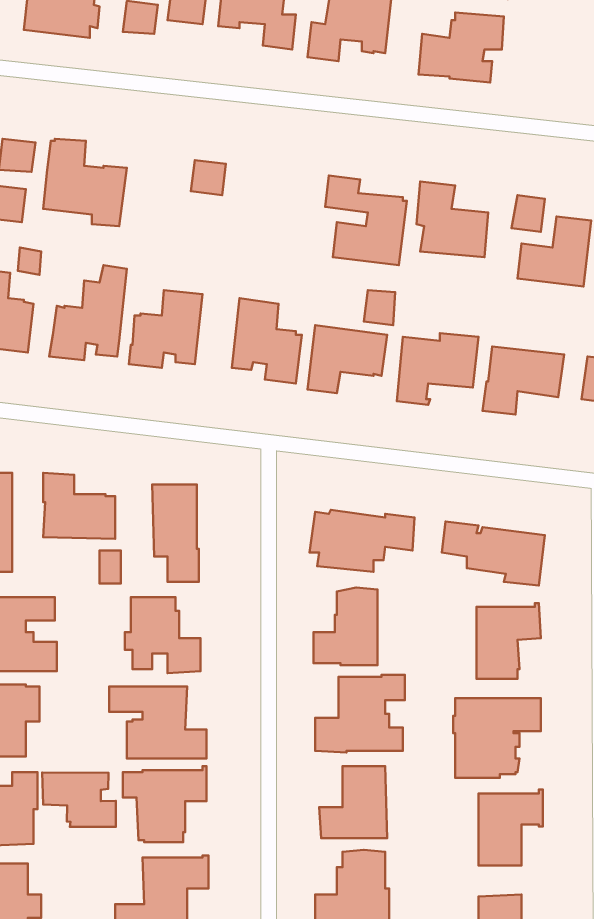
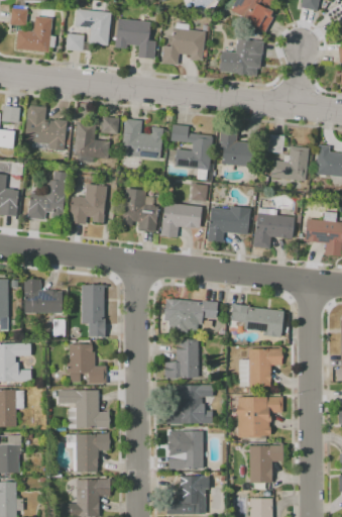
building: none -> [121,118,163,160]
building: none -> [74,121,110,163]
building: [42,772,116,827] -> none

